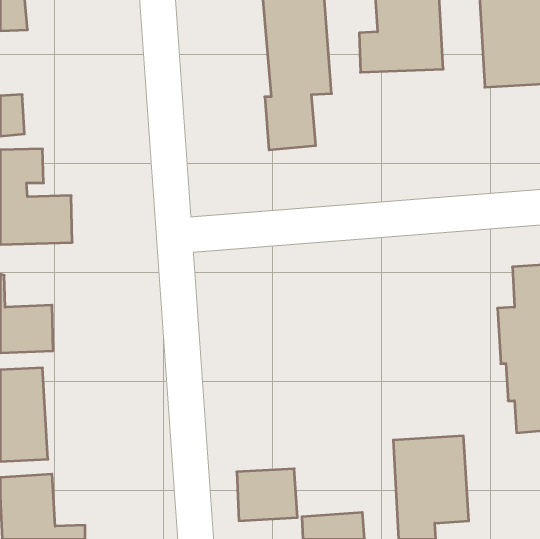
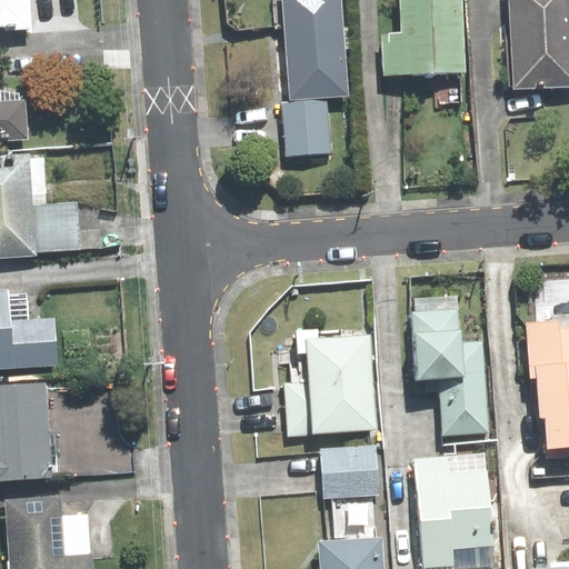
building: none -> [407,296,490,437]
building: none -> [284,330,375,437]
building: [237,469,297,521] -> [318,443,381,498]

